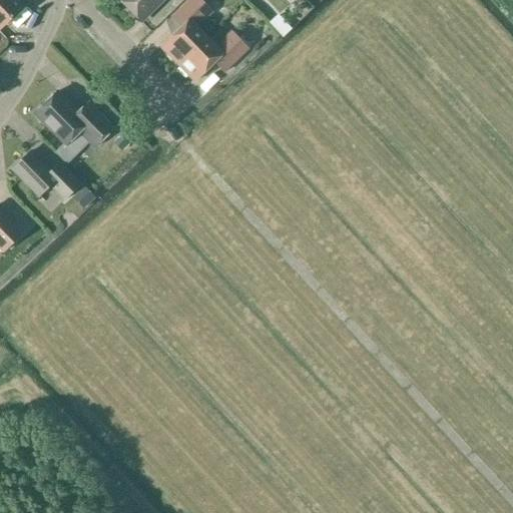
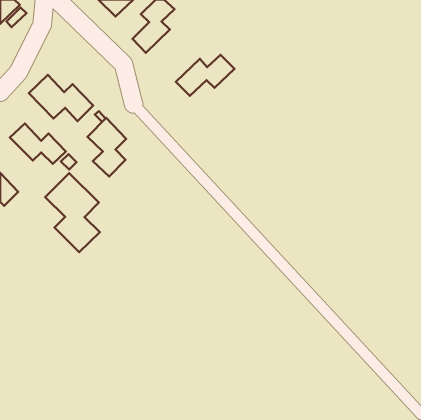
building: [177,31,248,81] -> [176,55,234,96]
building: none -> [87,118,126,177]
building: none -> [45,173,100,252]

